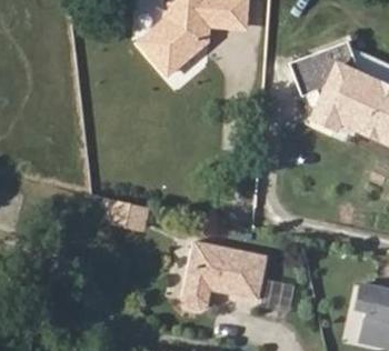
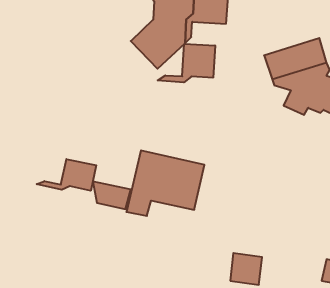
building: none -> [158,44,215,82]
building: none -> [37,159,96,191]
building: [176,238,260,309] -> [126,150,204,216]

